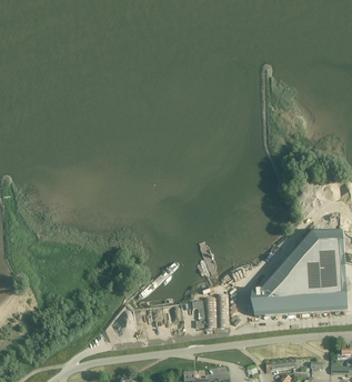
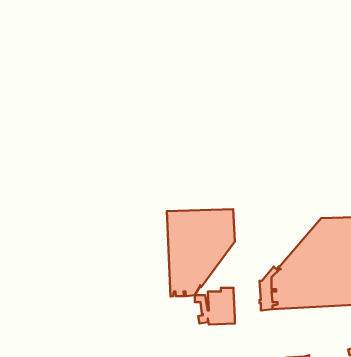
building: none -> [167,209,235,297]

